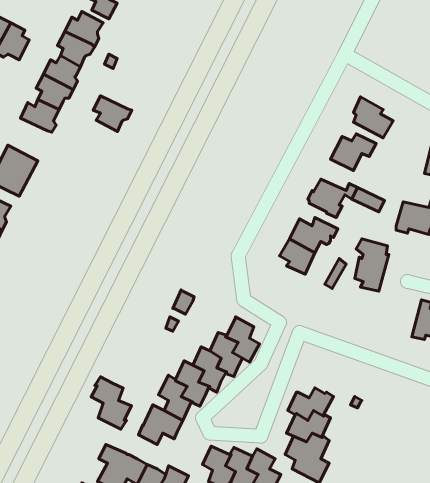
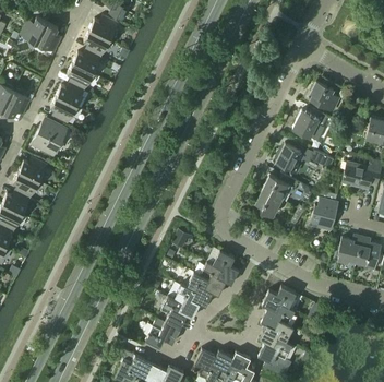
building: [93,96,132,131] -> [50,96,80,123]
building: none -> [338,235,363,264]
building: none -> [262,285,297,311]
building: [91,377,132,429] -> none

